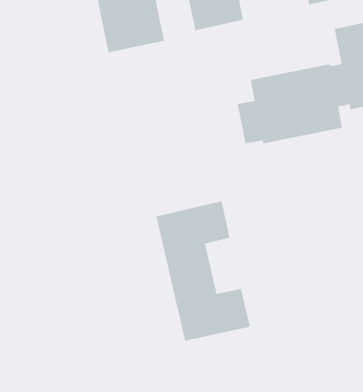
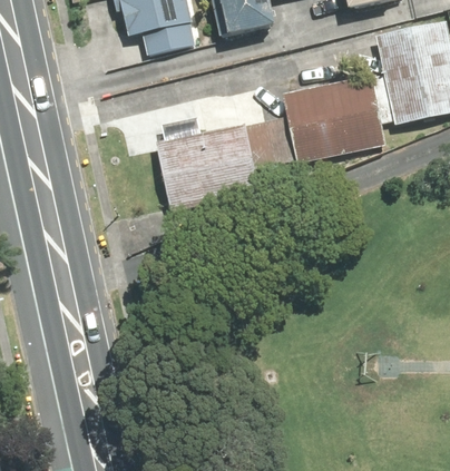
building: none -> [156,119,277,214]
building: [156,200,250,342] -> none

